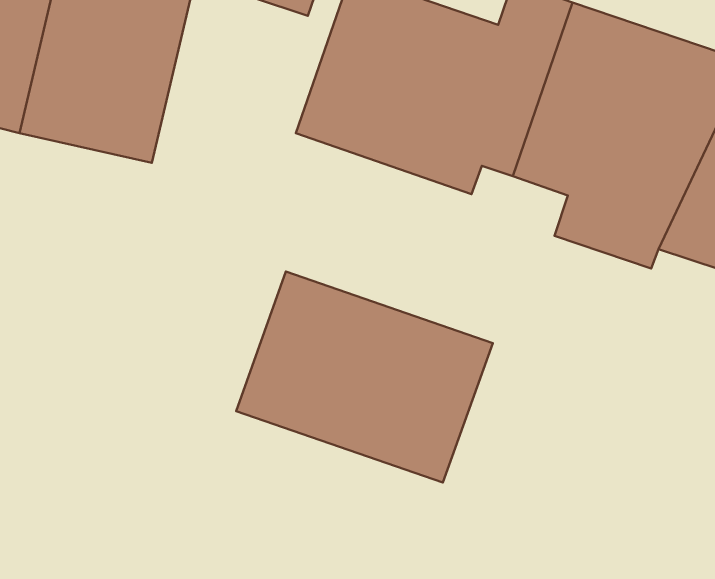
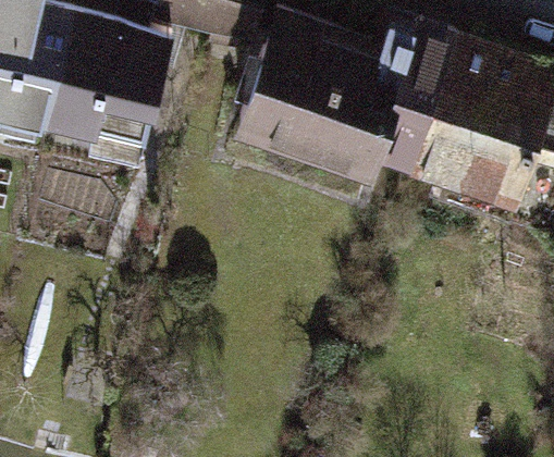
building: [236,272,493,483] -> none

